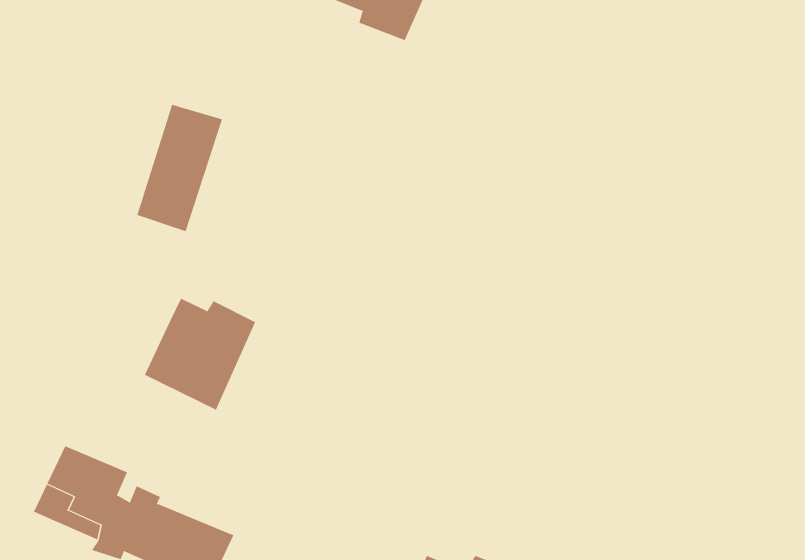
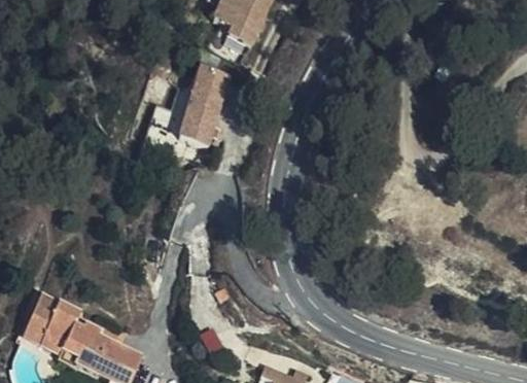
building: [136,104,223,232] -> [179,65,233,144]
building: [144,298,256,410] -> none

